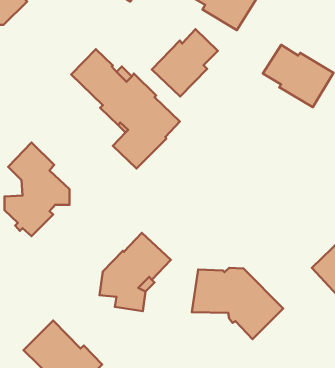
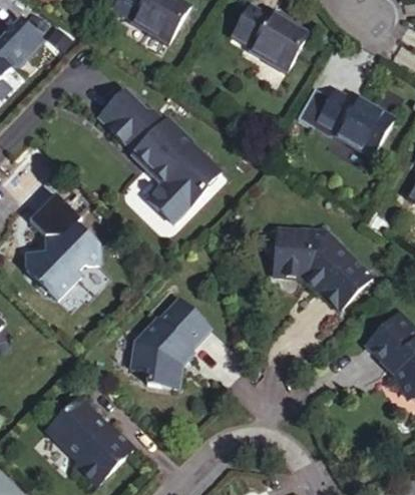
building: [152,29,218,96] -> none
building: [192,268,283,339] -> [272,225,373,305]

